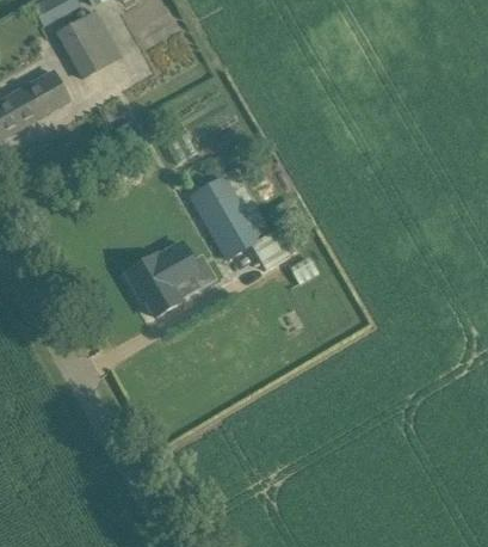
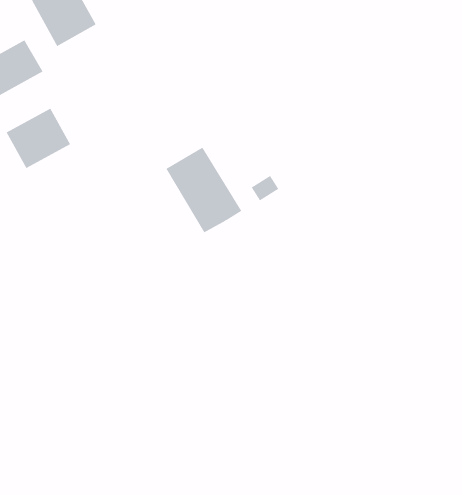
building: none -> [6,108,71,169]
building: [126,239,198,315] -> none

